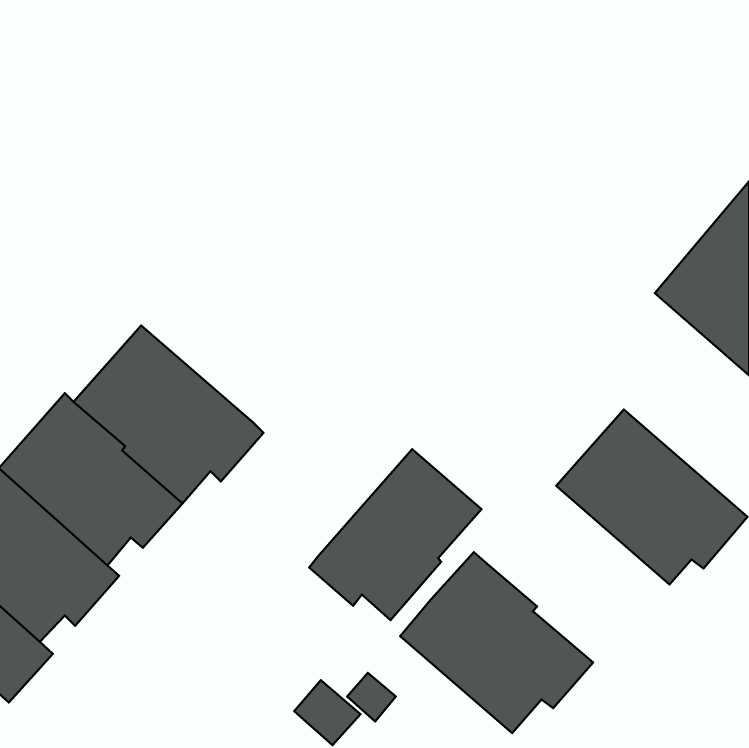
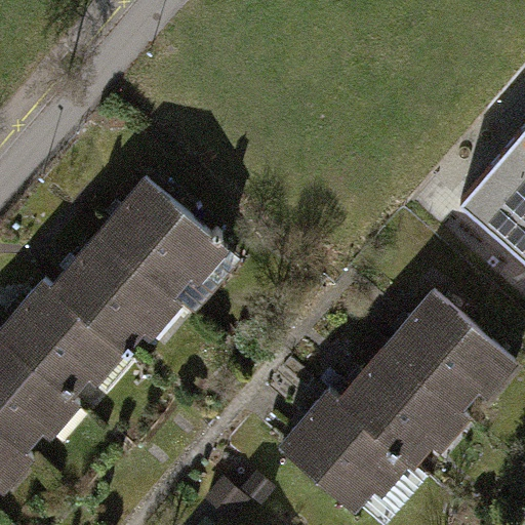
building: none -> [98,174,232,297]
building: [309,449,482,620] -> none
building: none -> [339,341,474,469]

